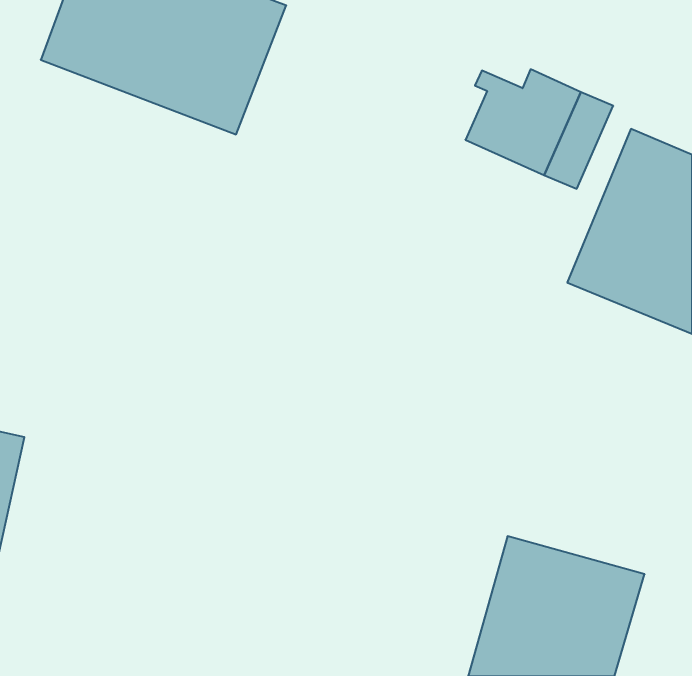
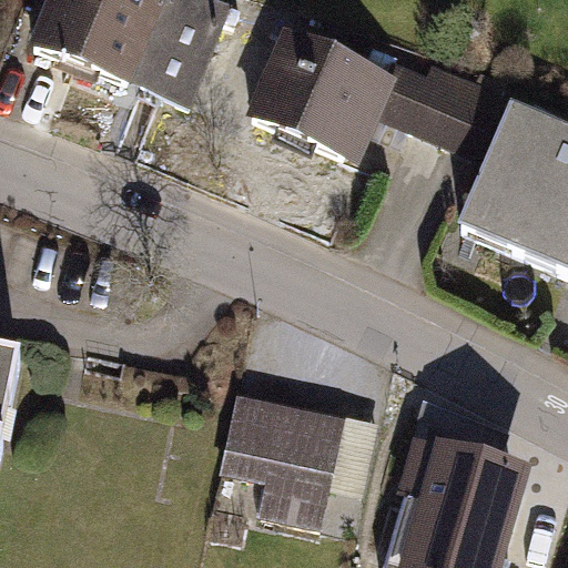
building: none -> [248,27,398,164]
building: none -> [222,388,381,521]

